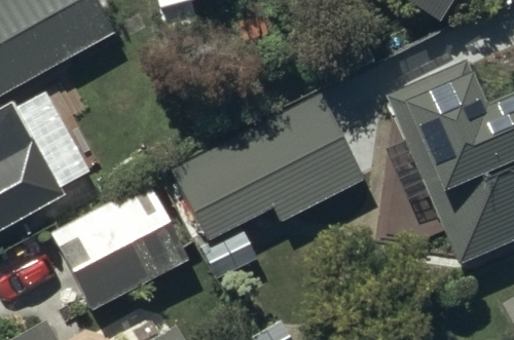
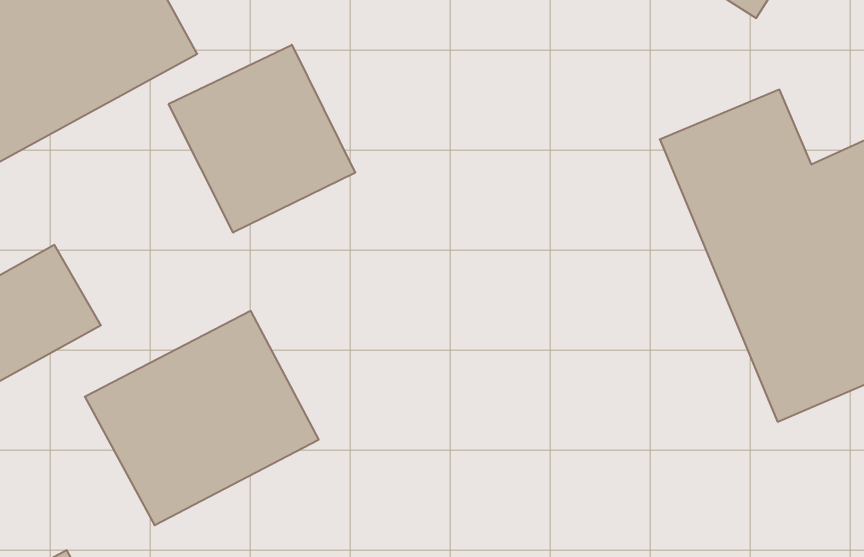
building: none -> [169,45,355,233]
building: [182,102,362,231] -> none

